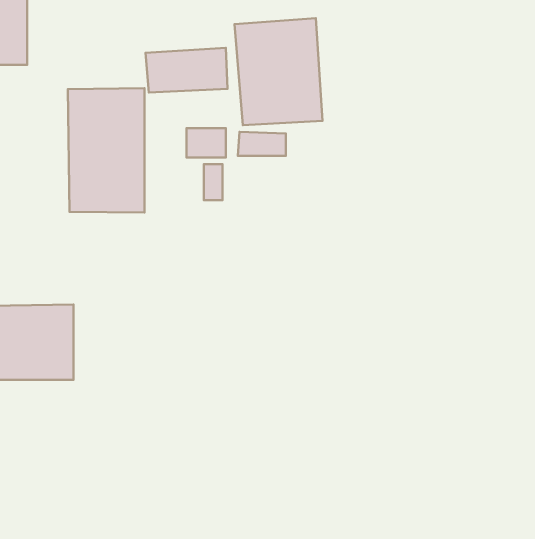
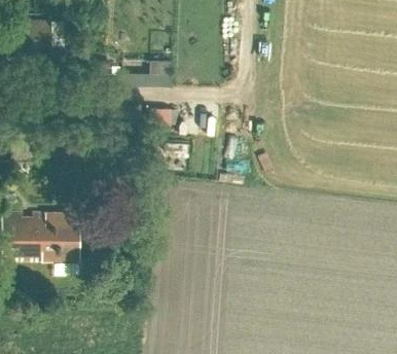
building: [235,18,322,125] -> none
building: [68,88,145,212] -> none

